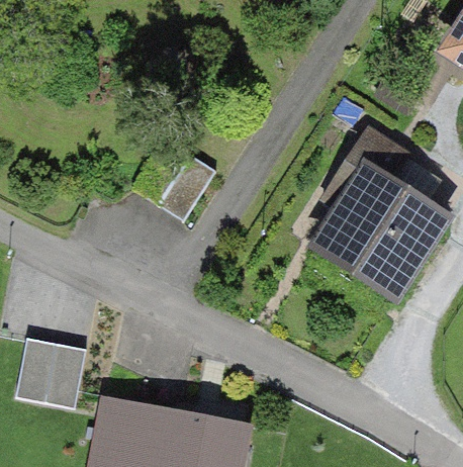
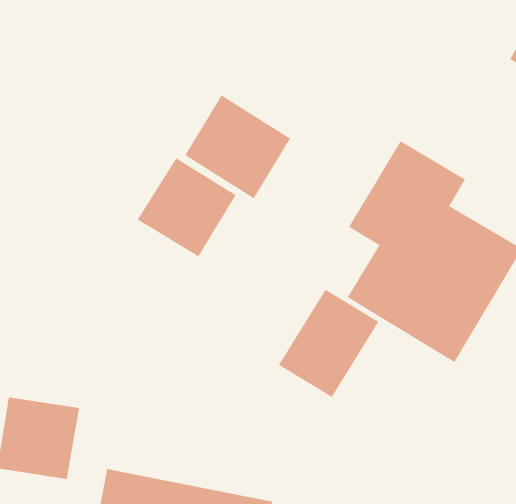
building: none -> [185,95,291,199]
building: none -> [278,289,379,398]

